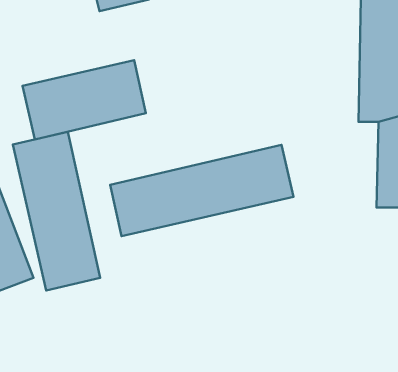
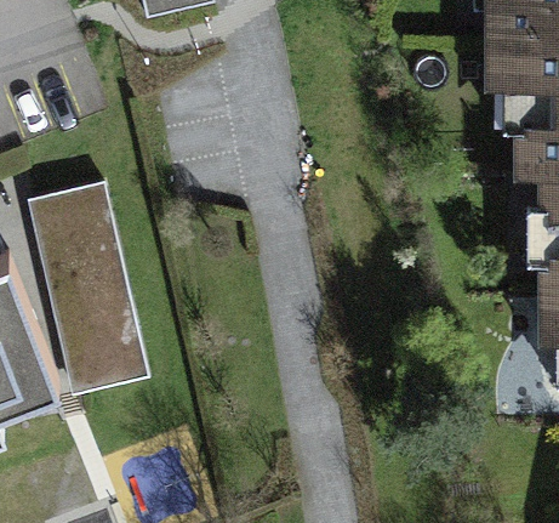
building: [22,60,146,139] -> none
building: [110,145,293,236] -> none

